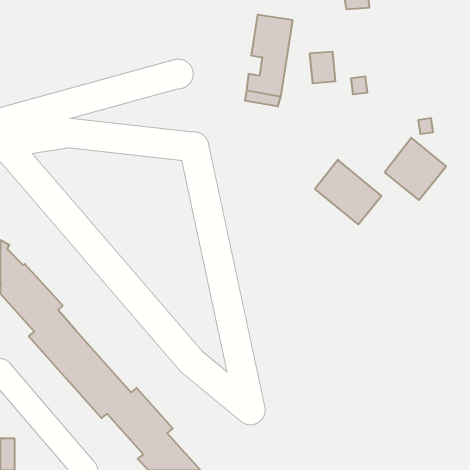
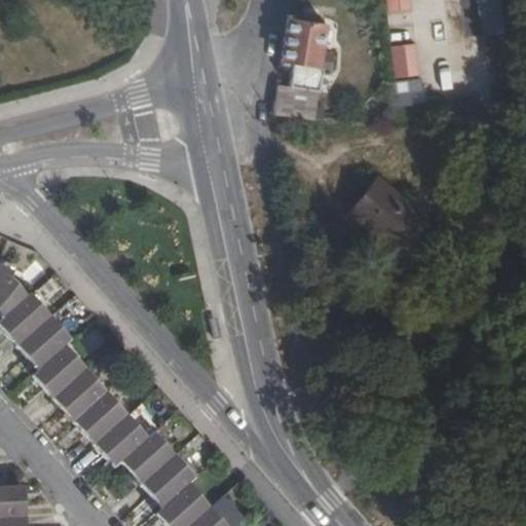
building: [310,52,335,83] -> [391,42,420,77]
building: [385,138,446,200] -> none

